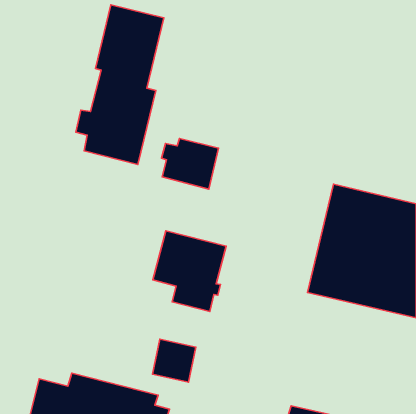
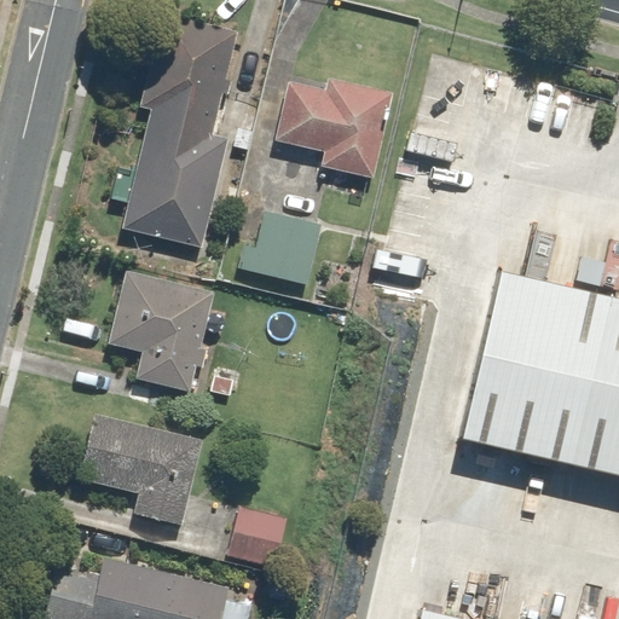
building: none -> [278,79,392,177]
building: [153,231,226,312] -> [109,271,218,391]
building: none -> [77,412,206,530]

